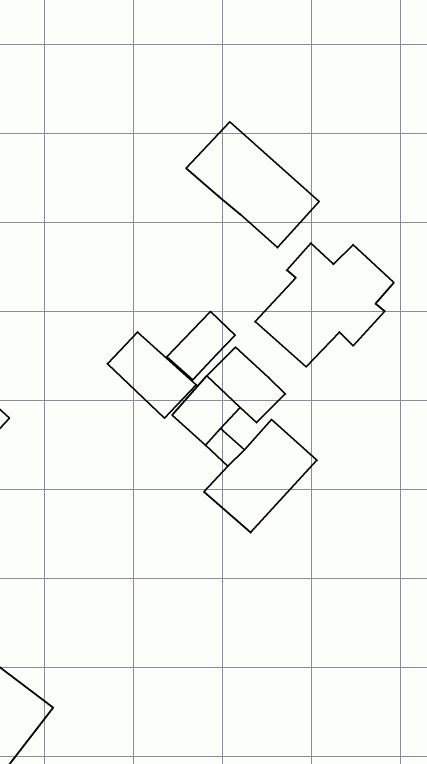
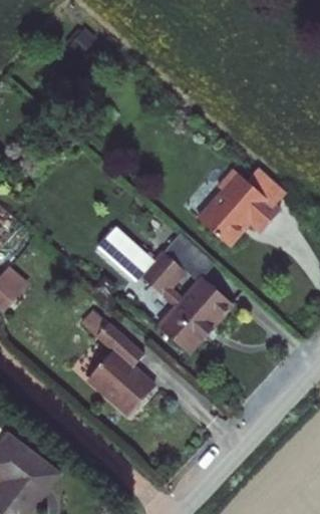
building: [186,122,319,248] -> none
building: [167,312,235,380] -> none
building: none -> [83,321,152,417]

